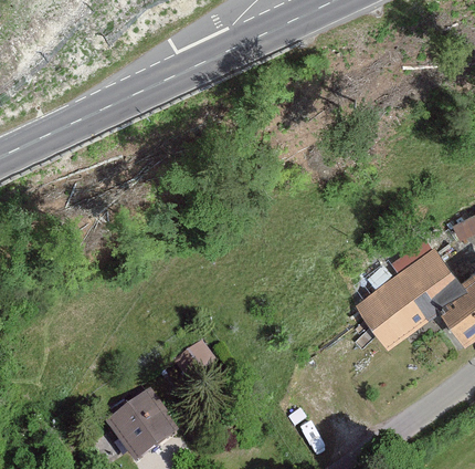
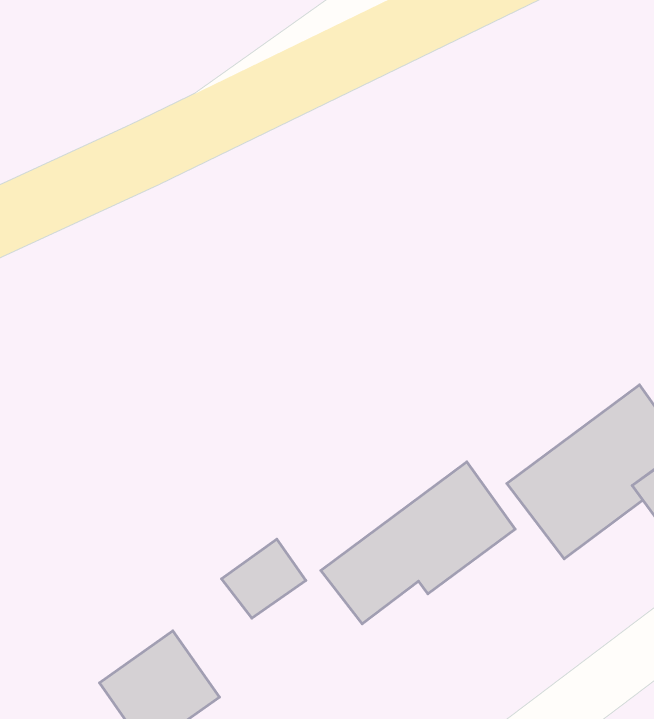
building: none -> [321,462,515,624]

